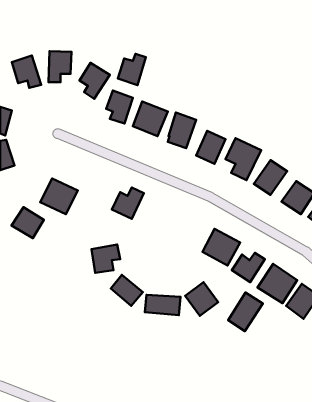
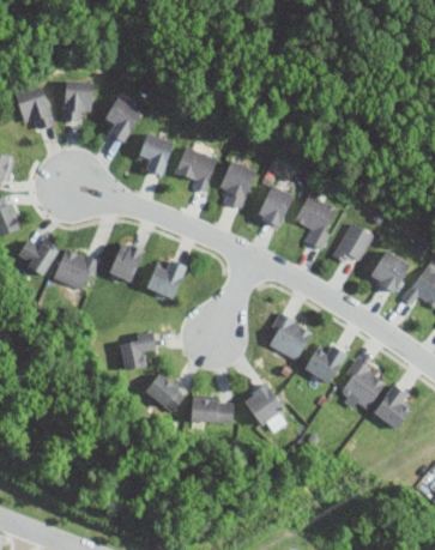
building: [118,54,146,85] -> none
building: none -> [109,240,146,283]
building: [12,207,44,238] -> [16,235,58,276]
building: [228,293,263,331] -> none

